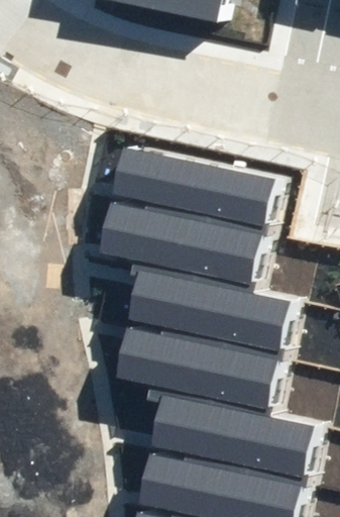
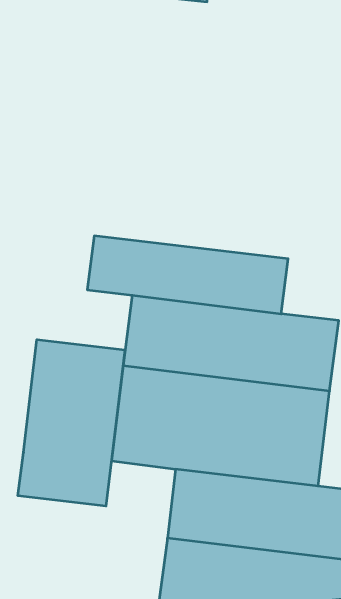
building: [107,146,275,234] -> none
building: none -> [18,340,125,506]

